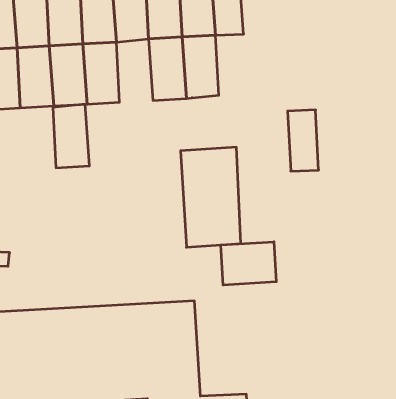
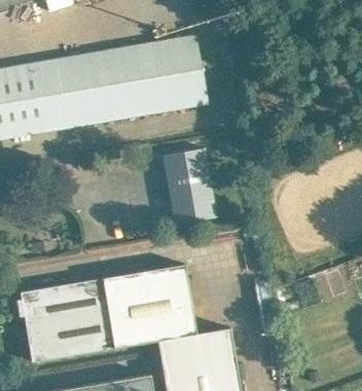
building: [53,104,89,168] -> [105,74,137,123]
building: [288,110,319,171] -> [178,63,206,110]
building: [221,242,276,285] -> none

